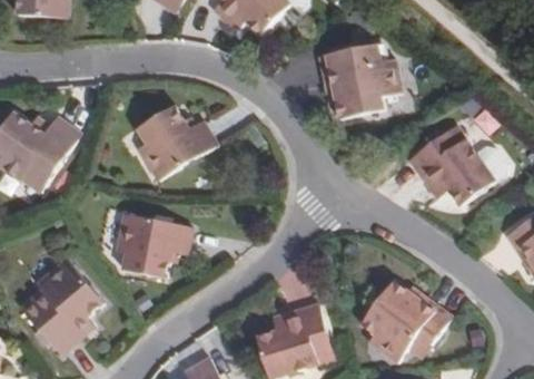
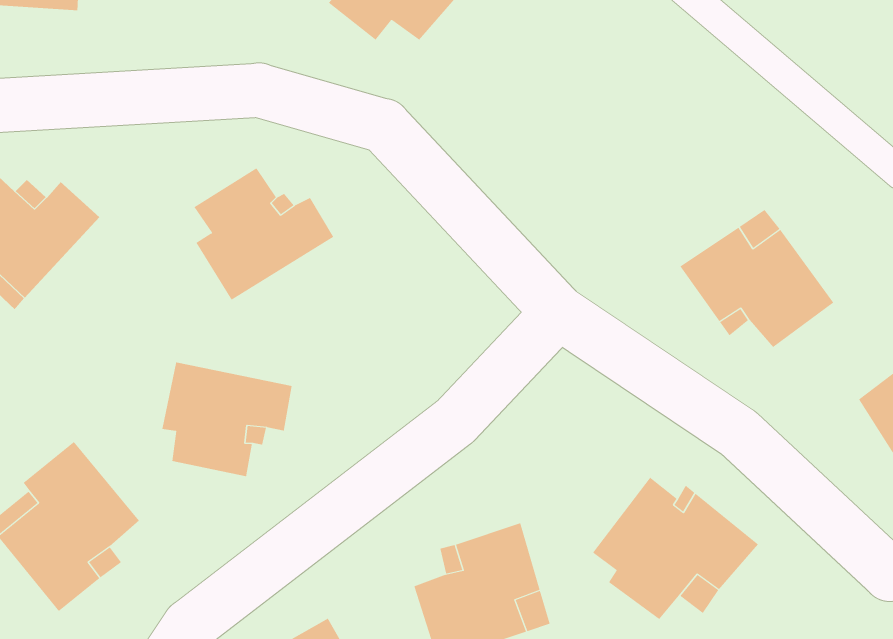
building: [316,46,397,119] -> none

